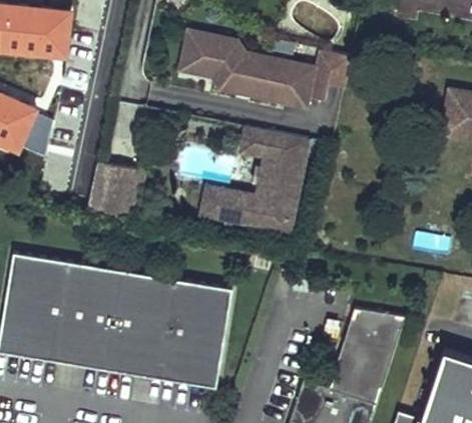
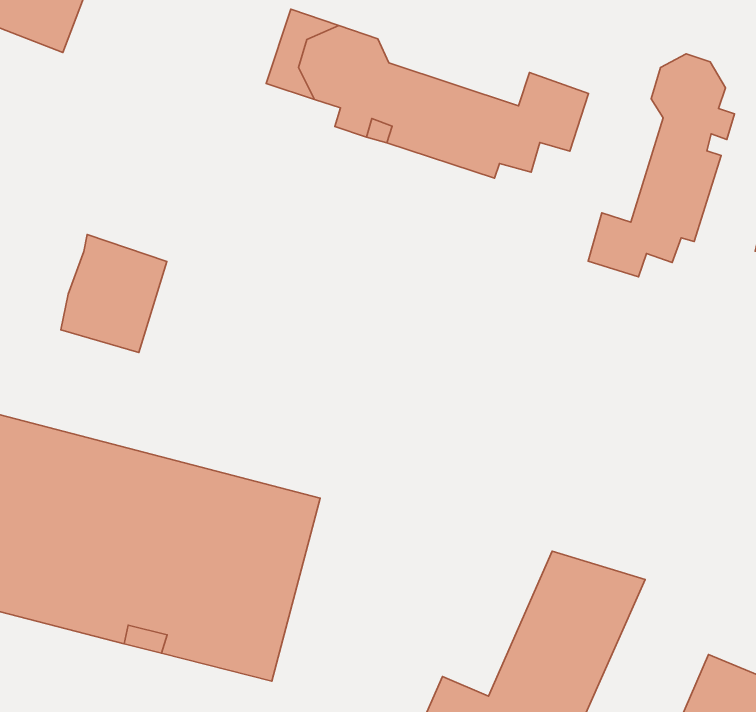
building: none -> [588,54,735,277]
building: [196,131,309,238] -> none

